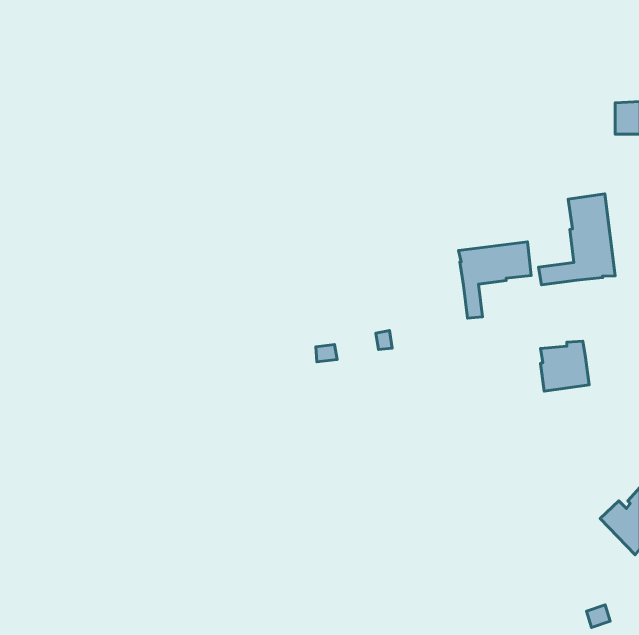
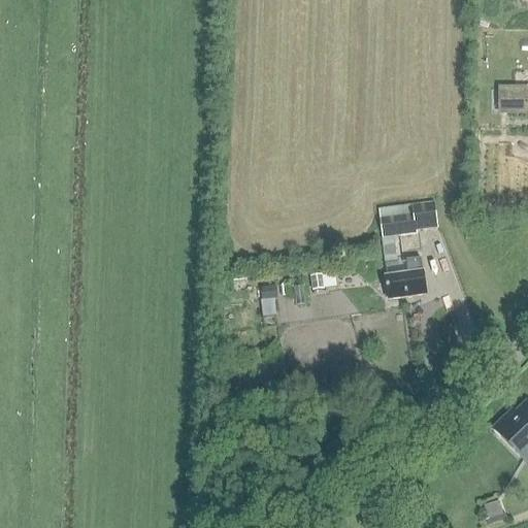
building: [538,194,615,285] -> none
building: [540,341,589,391] -> [386,256,426,297]

